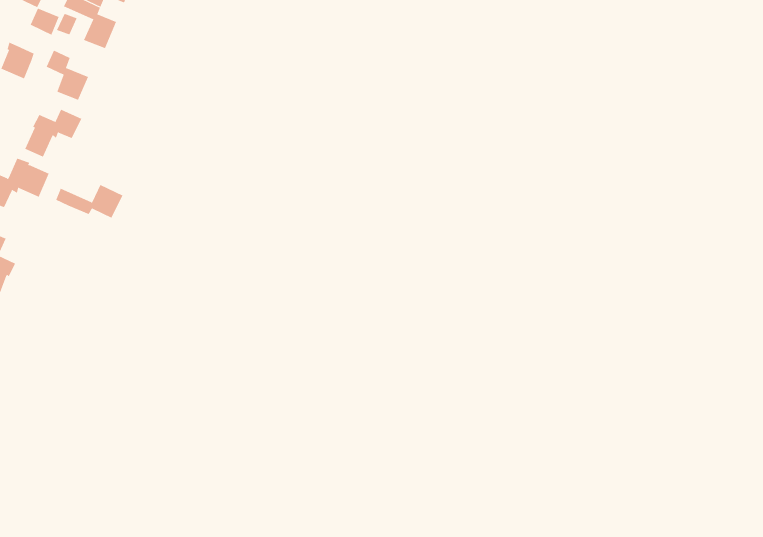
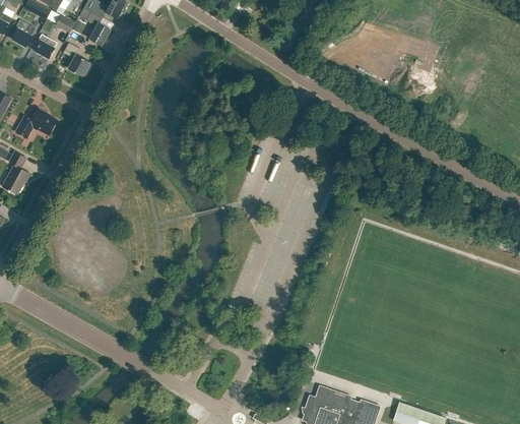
building: [25,109,82,158] -> none
building: [55,184,123,219] -> none

